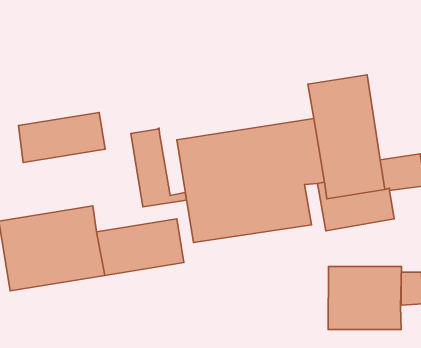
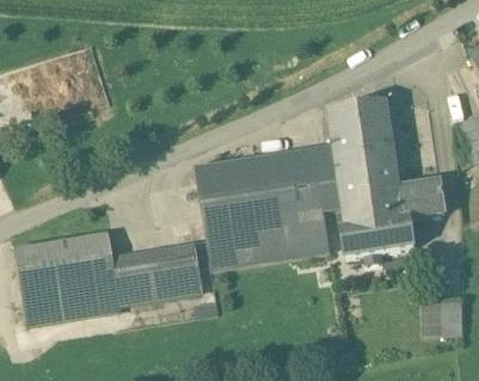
building: [19,113,105,162] -> none
building: [131,128,187,207] -> none
building: [328,267,401,329] -> none

